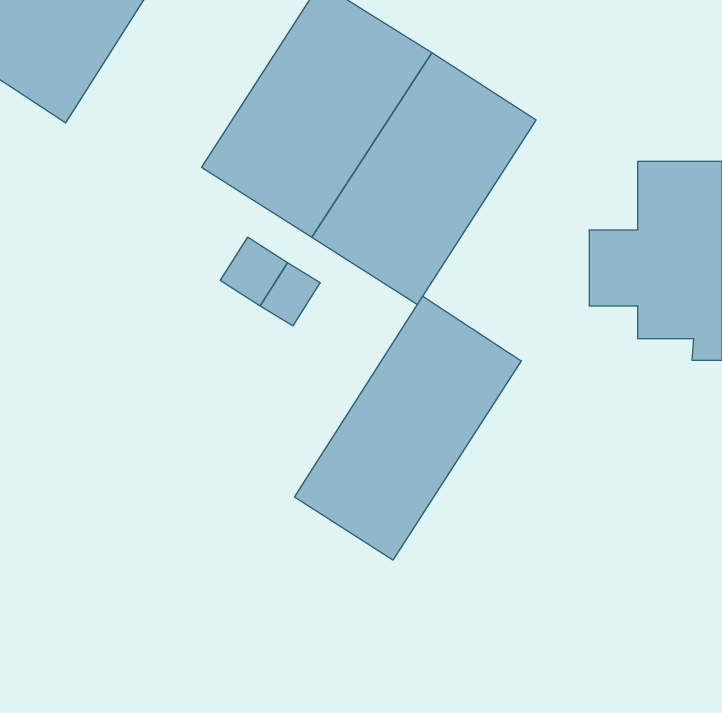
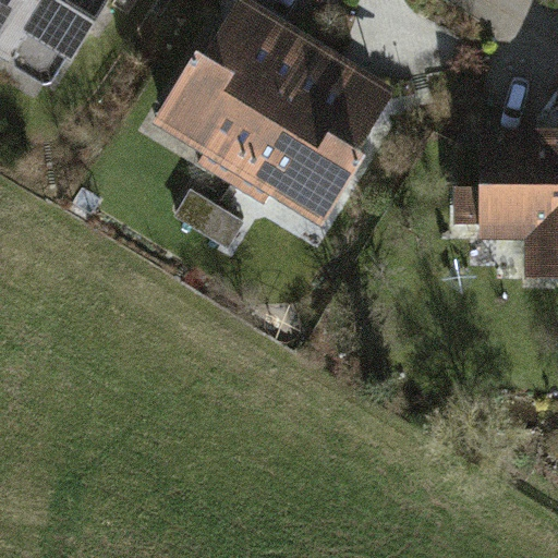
building: [295,296,521,560] -> none

